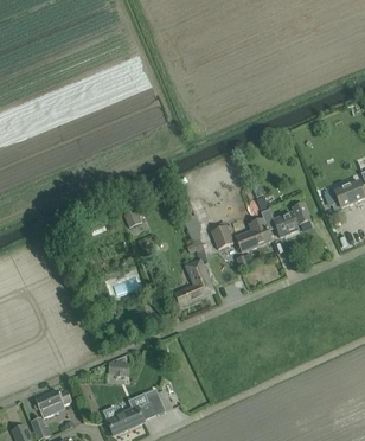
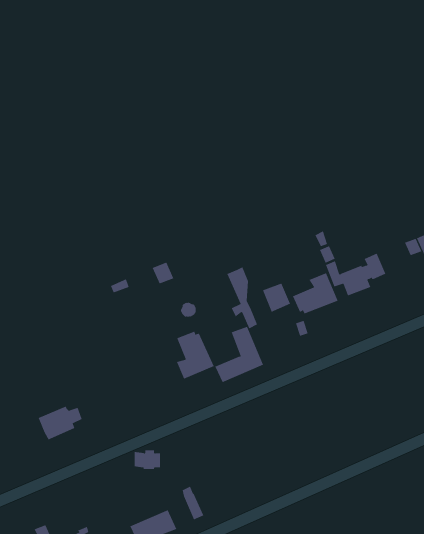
building: none -> [176,331,215,379]
building: [34,389,70,416] -> [38,406,82,440]

